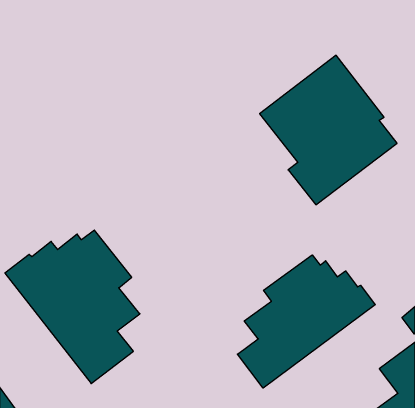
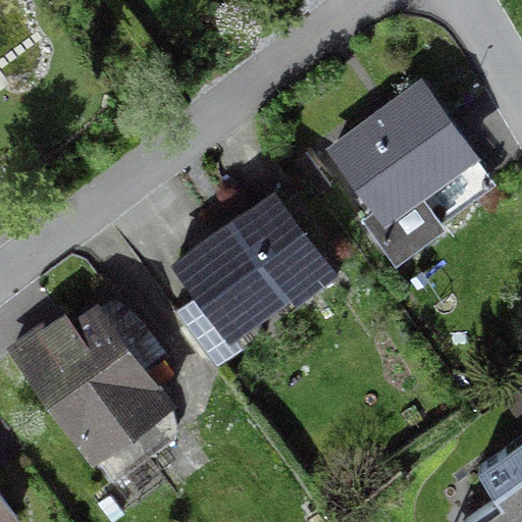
building: none -> [170,186,338,372]
building: [237,255,375,388] -> none

